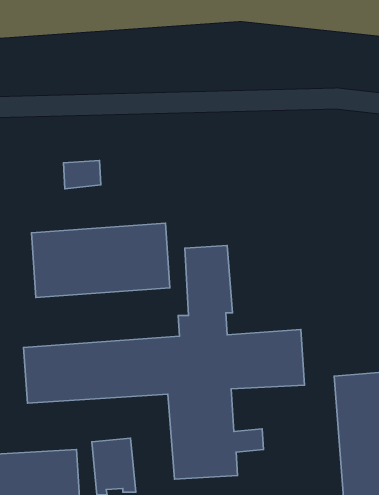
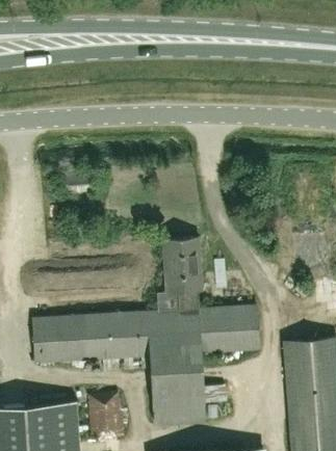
building: [31,223,170,297] -> none

